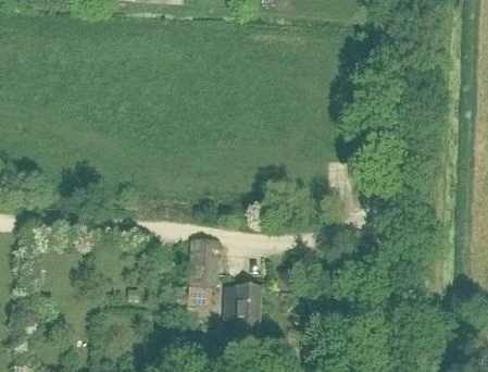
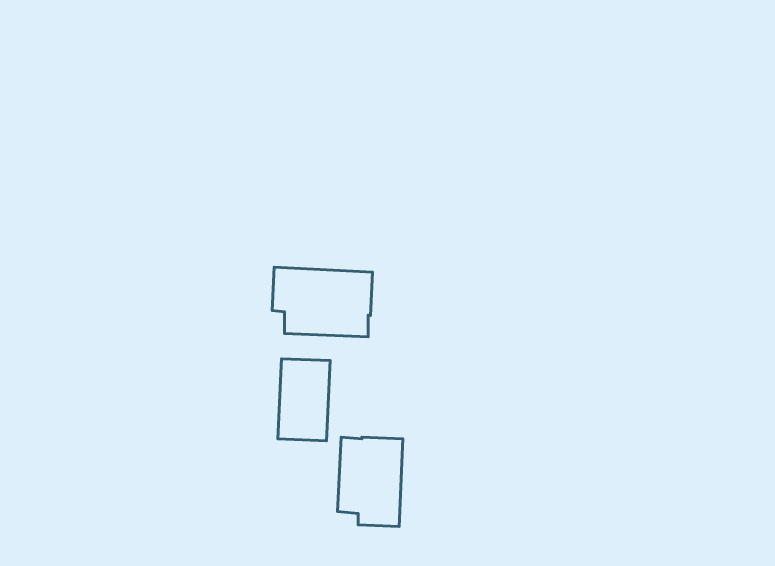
building: none -> [272,267,372,337]

